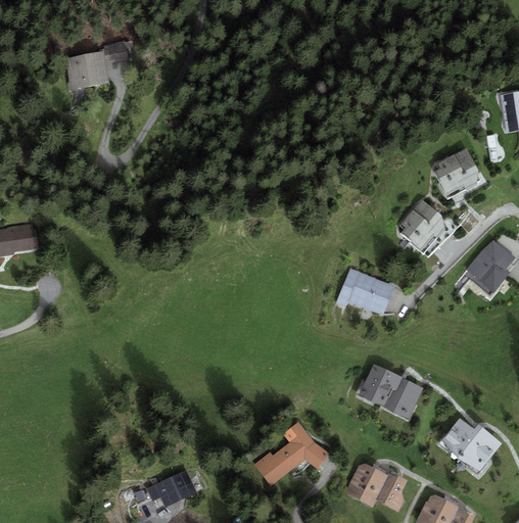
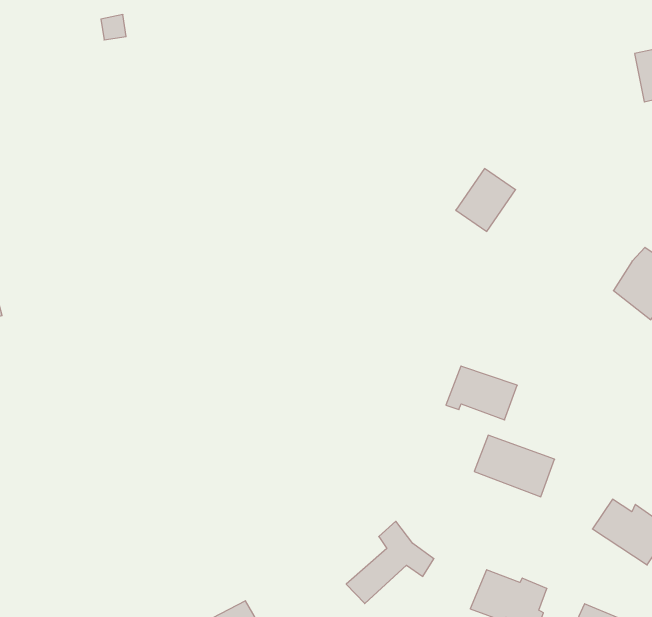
building: [76,52,111,85] -> none
building: [433,153,478,194] -> none
building: [395,203,440,249] -> [456,169,516,231]
building: [339,272,392,314] -> [446,366,517,420]

